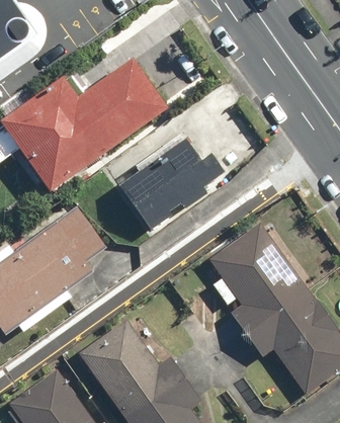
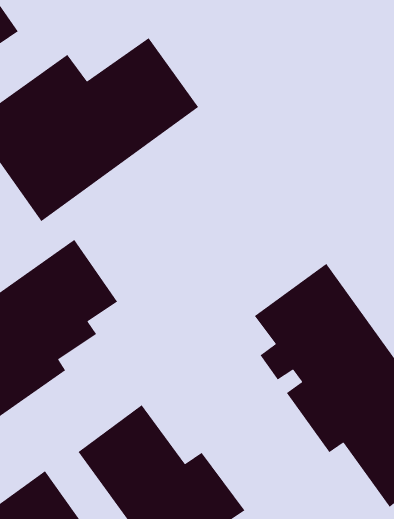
building: [116,132,225,230] -> none

